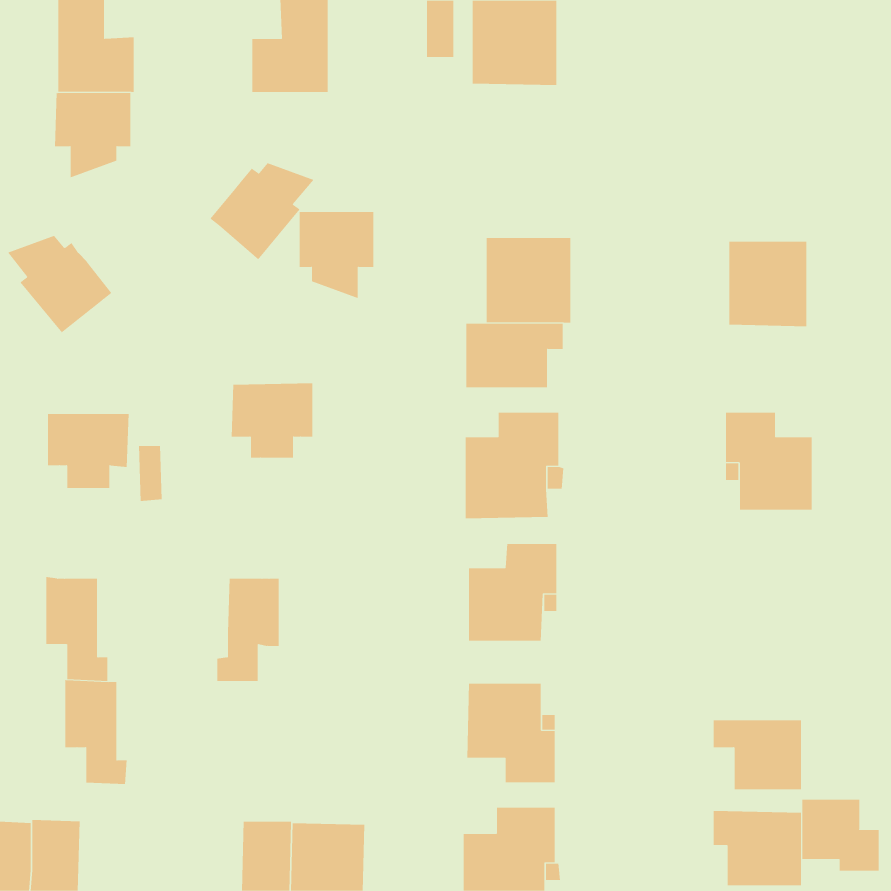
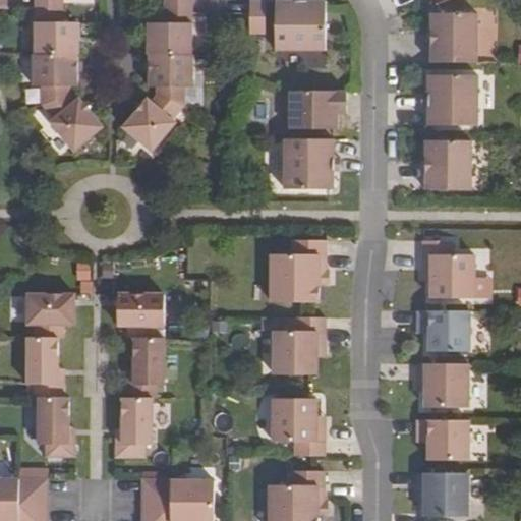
building: none -> [429,12,476,63]
building: none -> [426,75,477,125]
building: [299,211,374,299] -> [149,54,192,105]
building: [7,235,112,333] -> [41,94,102,151]
building: [466,323,563,388] -> [289,91,346,128]
building: [231,383,313,458] -> [116,293,164,337]
building: [47,413,129,489] -> [26,293,74,337]
building: none -> [416,310,468,351]
building: none -> [416,362,467,407]
building: none -> [115,397,152,457]
building: [802,799,879,871] -> none

